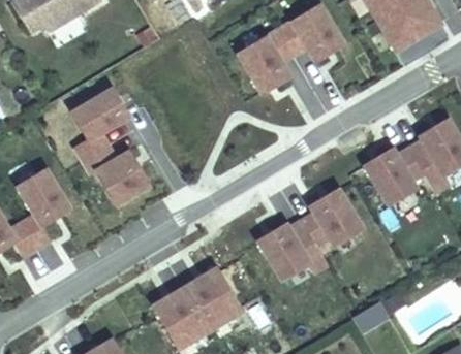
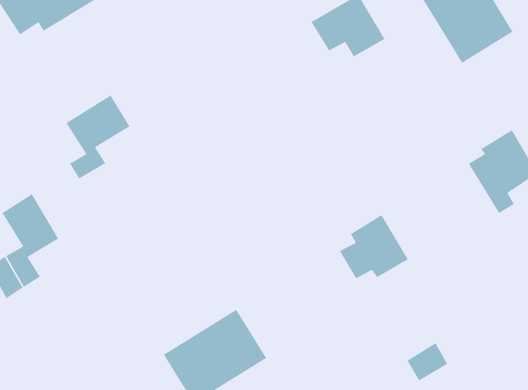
building: [238,28,293,91] -> none
building: [83,147,145,201] -> none
building: [365,147,424,201] -> none
building: [258,220,327,278] -> none

